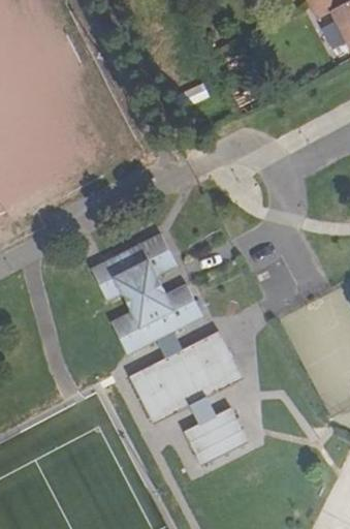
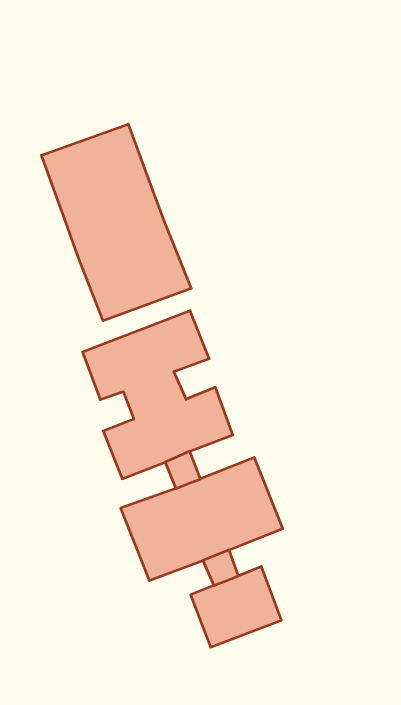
building: none -> [41,124,191,321]

